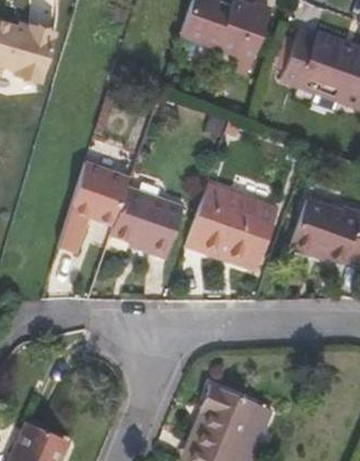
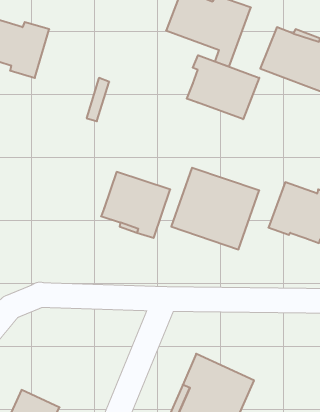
building: none -> [187,55,259,119]
building: [57,163,129,253] -> none

